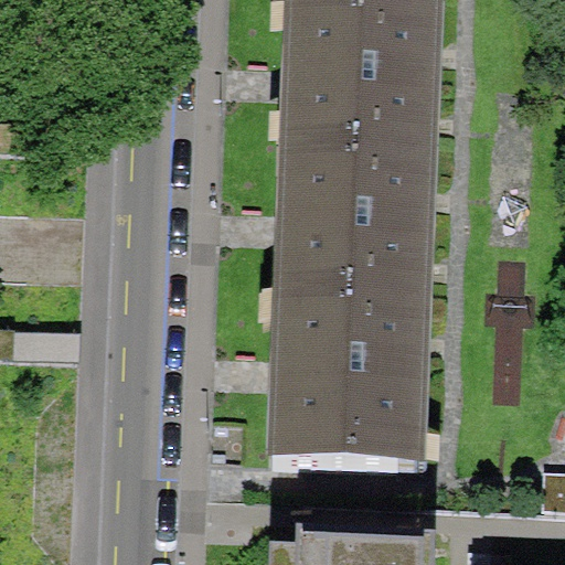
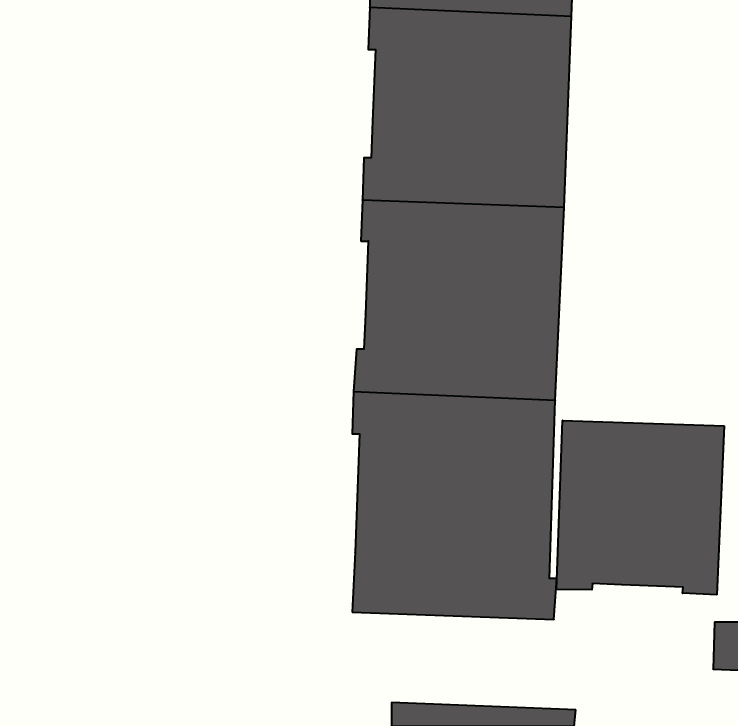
building: none -> [556,420,724,595]

